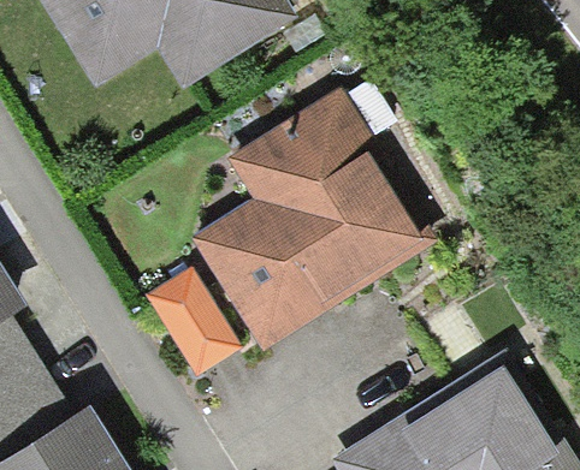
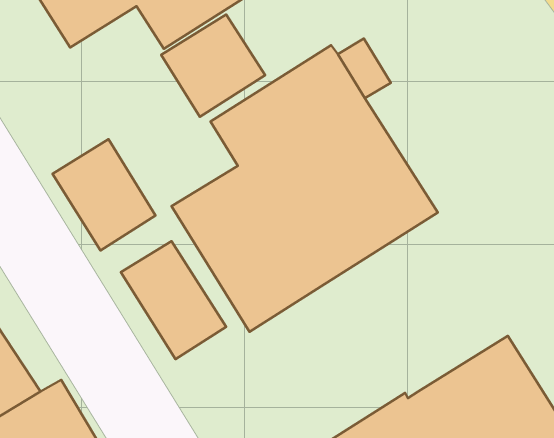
building: none -> [161,15,265,117]
building: none -> [52,139,156,250]

